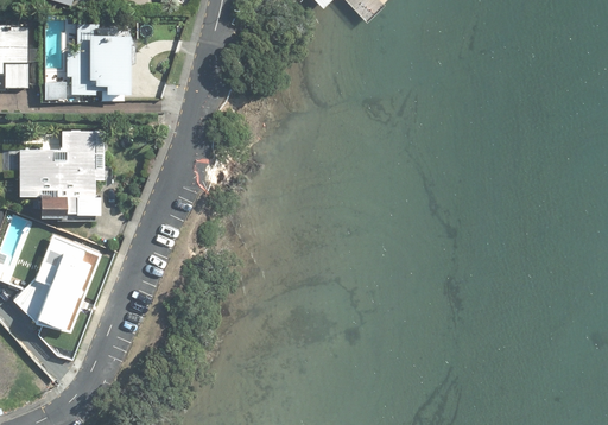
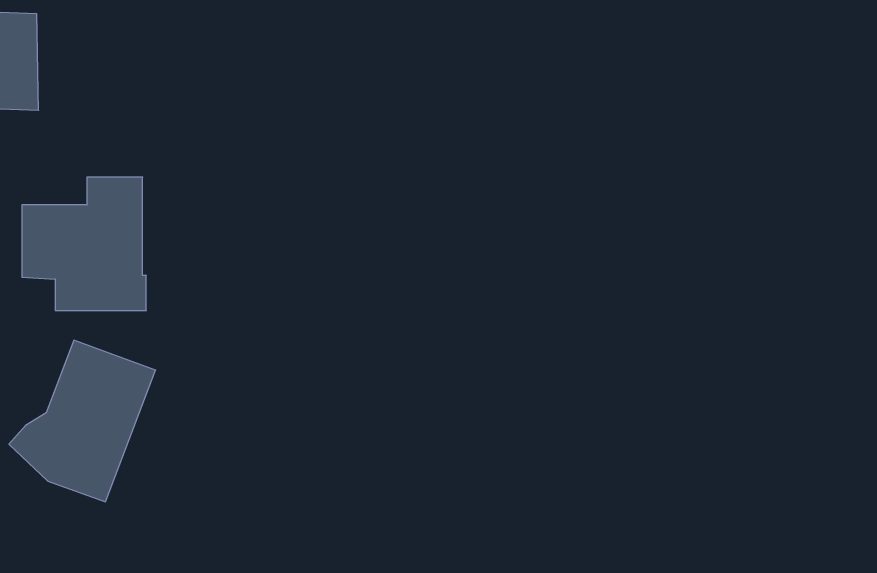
building: [66,25,131,93] -> none

